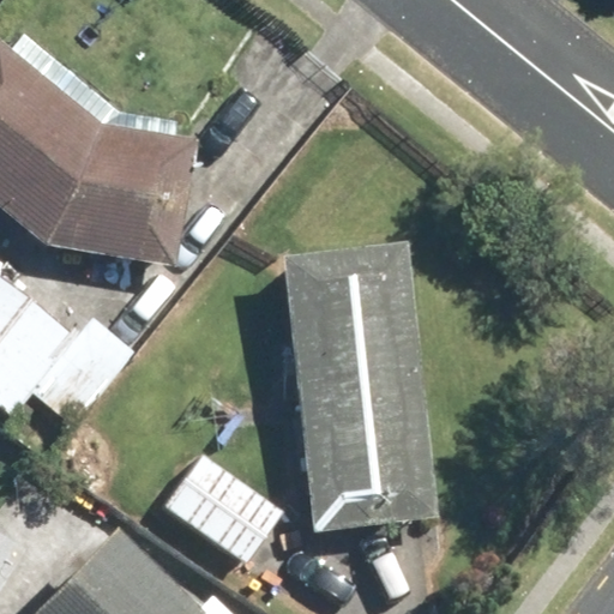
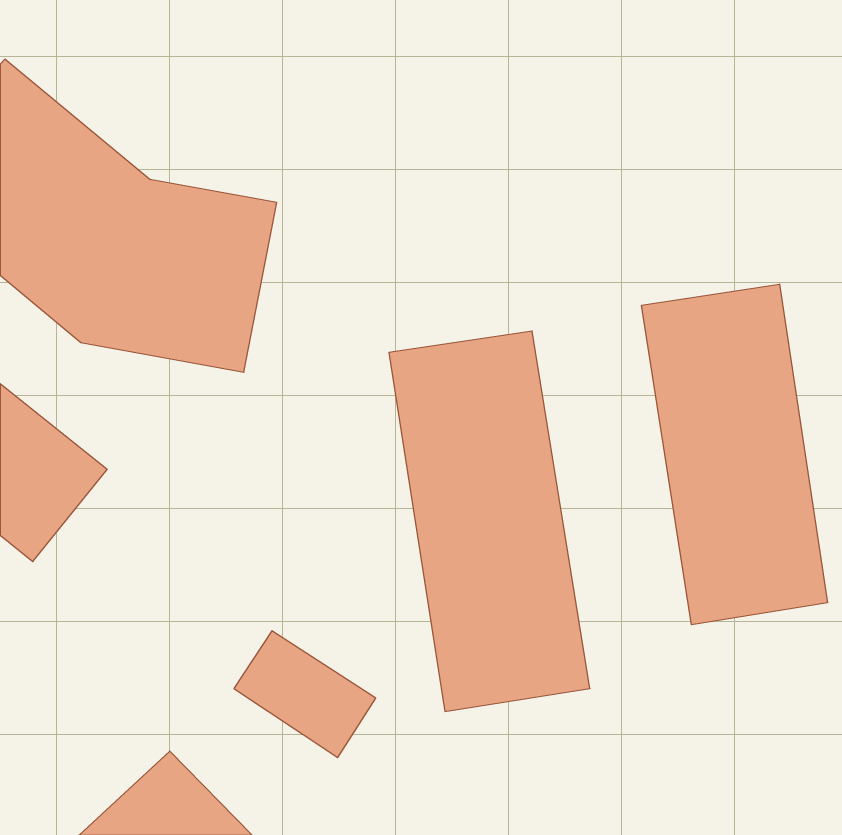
building: none -> [642,284,827,625]

